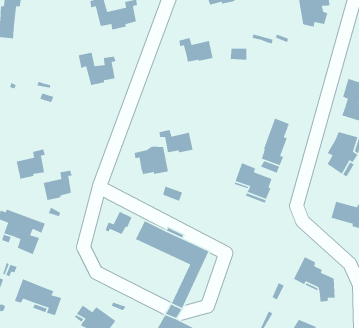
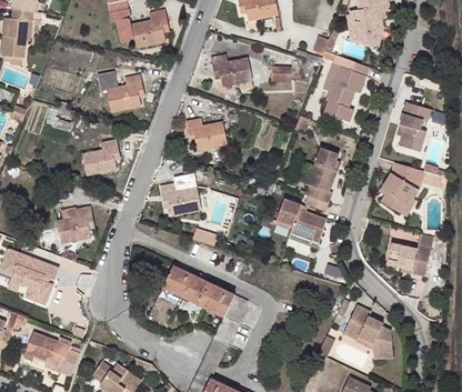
building: none -> [325,57,370,121]
building: [159,129,193,153] -> [187,118,227,145]
building: [16,149,46,179] -> [82,139,117,174]
building: [105,211,133,235] -> none

